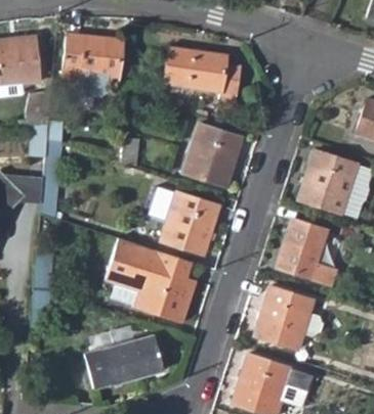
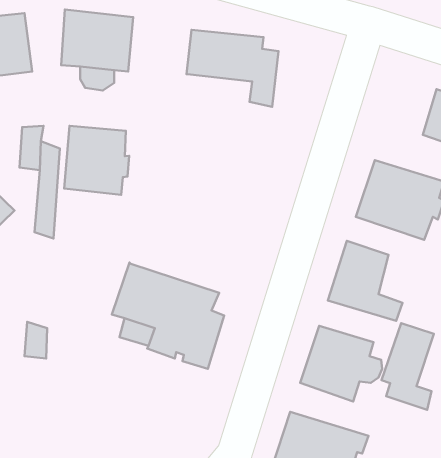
building: [182,125,239,187] -> none
building: none -> [64,126,129,195]
building: [160,193,218,256] -> none
building: none -> [382,323,434,410]
building: [87,334,167,388] -> none

